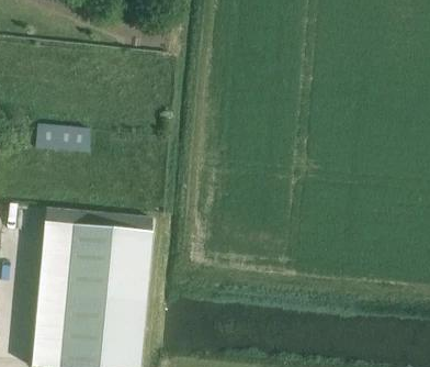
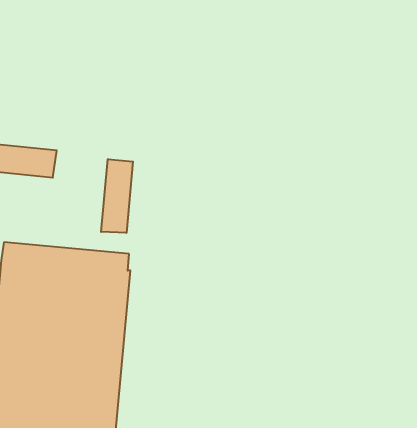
building: none -> [101,159,133,233]

